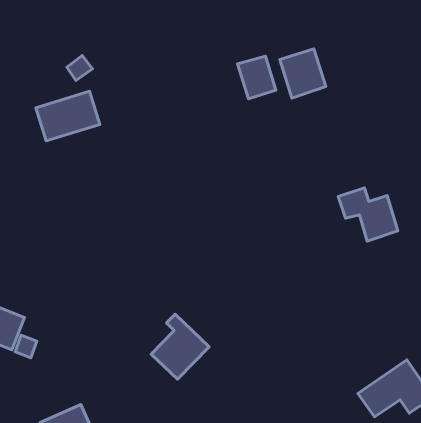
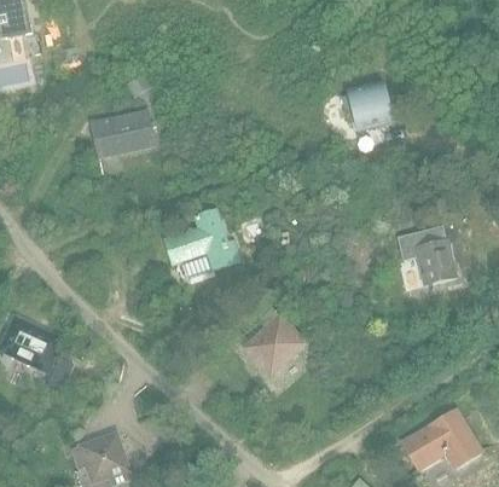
building: [238,56,276,99] -> none
building: none -> [164,210,238,269]
building: [151,314,209,379] -> [244,307,304,375]

